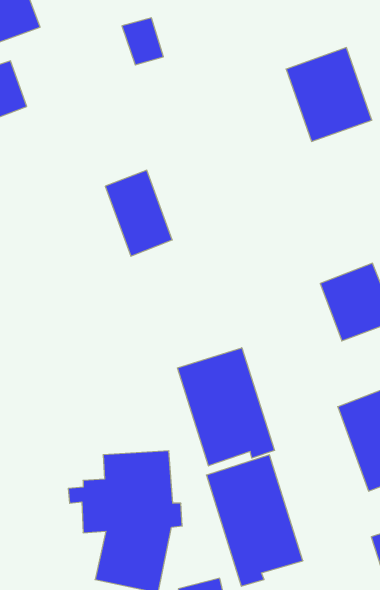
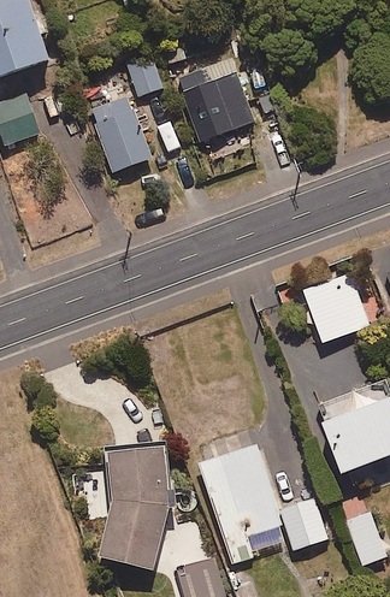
building: [286,48,372,141] -> [176,57,253,141]
building: [105,170,172,256] -> [91,95,152,172]
building: [178,348,275,466] -> none
building: none -> [280,498,327,550]

